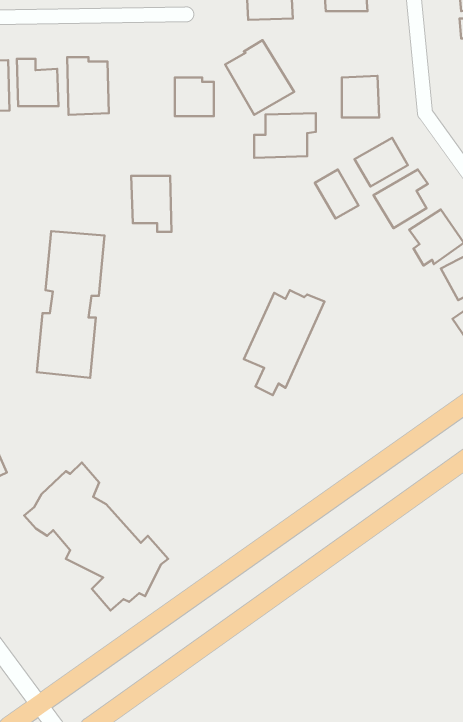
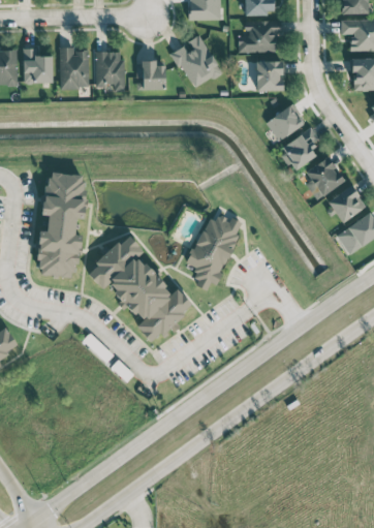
building: [254,113,316,158] -> [238,21,282,53]
building: [315,170,358,219] -> none
building: [131,176,171,232] -> [95,52,124,92]
building: [24,462,168,611] -> [88,236,191,342]

